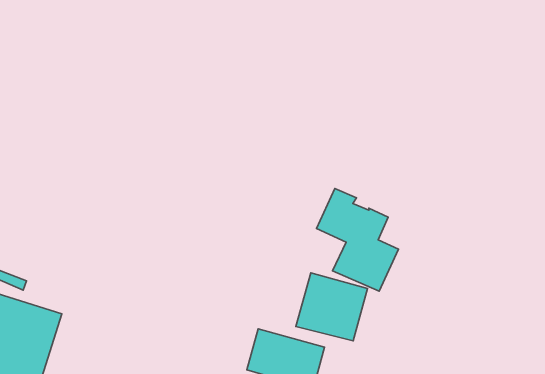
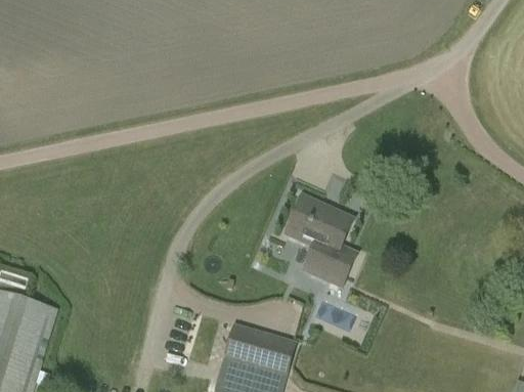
building: [296,273,368,341] -> none

